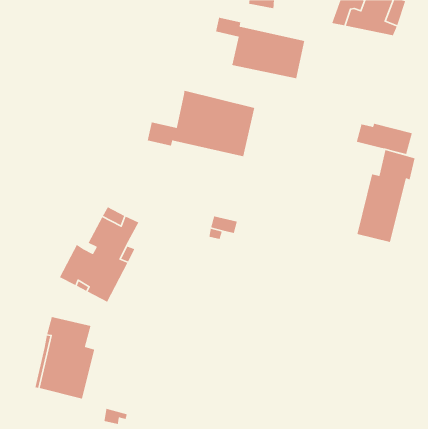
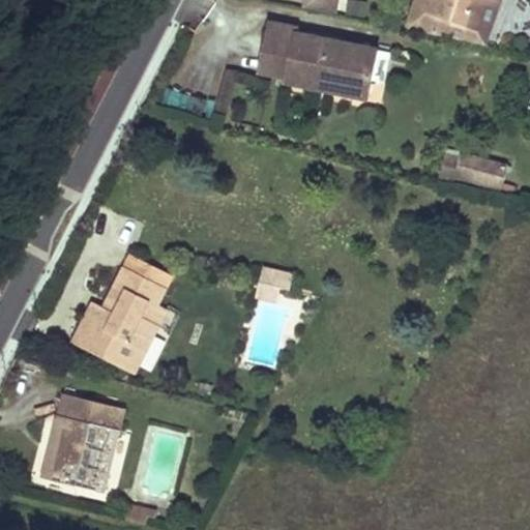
building: none -> [258,39,293,77]
building: [147,90,255,157] -> none
building: [357,149,416,243] -> none

